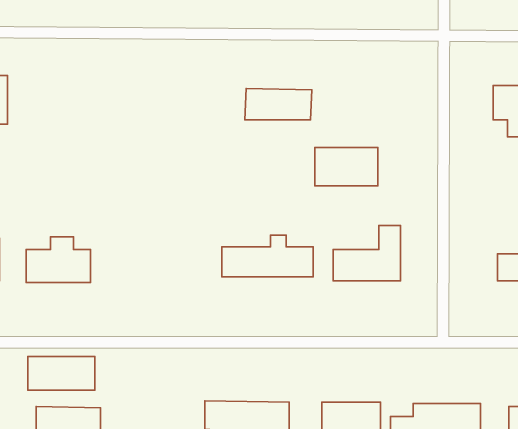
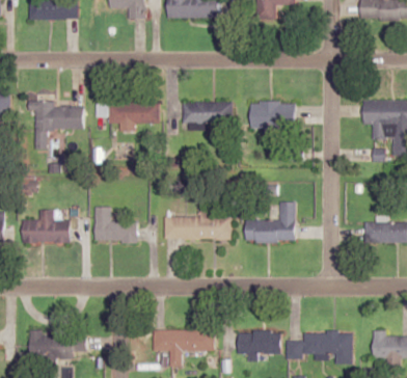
building: none -> [28,101,83,150]
building: none -> [107,103,159,123]
building: [315,147,378,186] -> [250,102,296,130]
building: none -> [93,207,136,242]
building: [28,357,95,390] -> none

